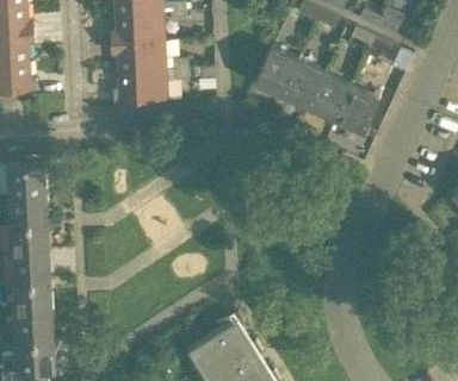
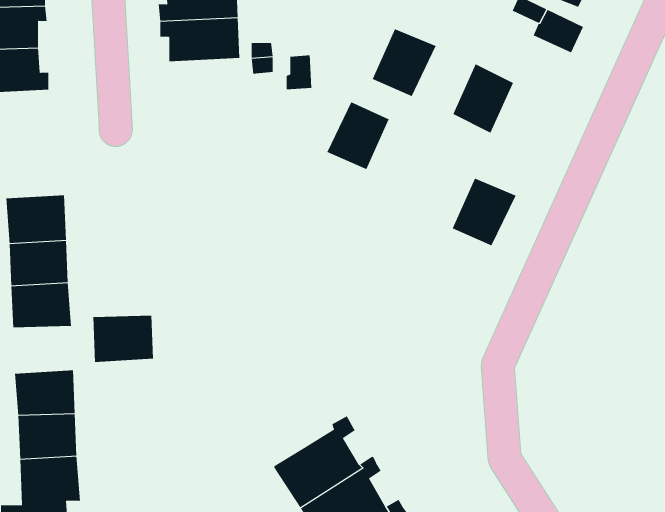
building: [281,62,324,108] -> [326,102,390,170]
building: [111,70,166,102] -> none
building: [335,87,379,133] -> [452,178,517,246]
building: [10,252,51,285] -> [93,315,154,362]

